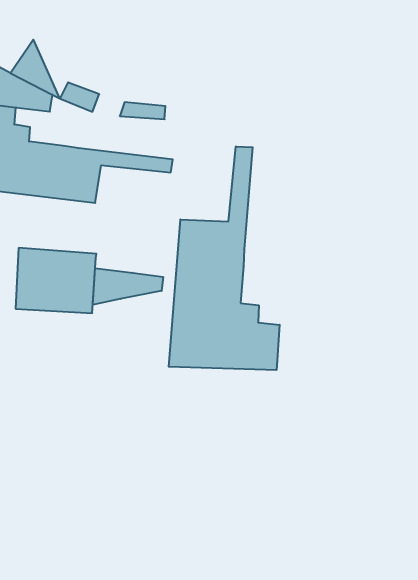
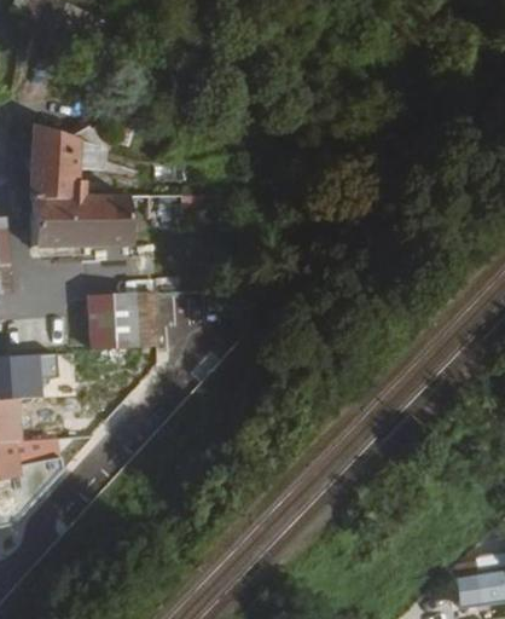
building: [169,146,280,370] -> none
building: [93,268,163,305] -> none

